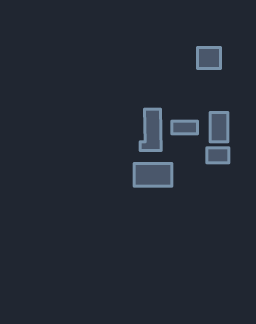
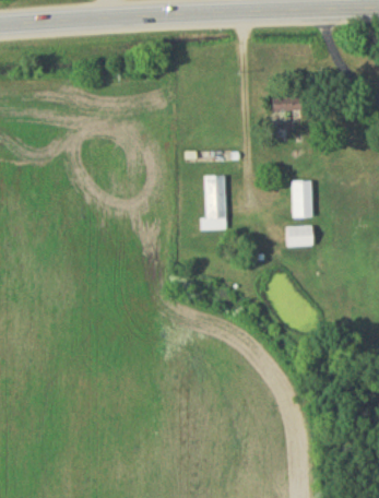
building: [172,121,198,134] -> none
building: [134,164,172,186] -> none

